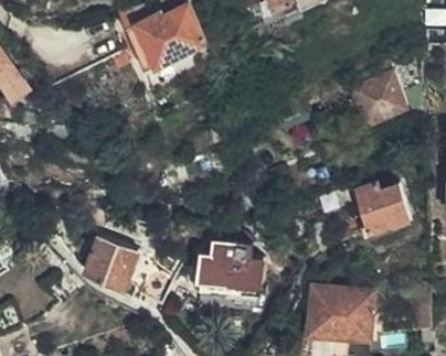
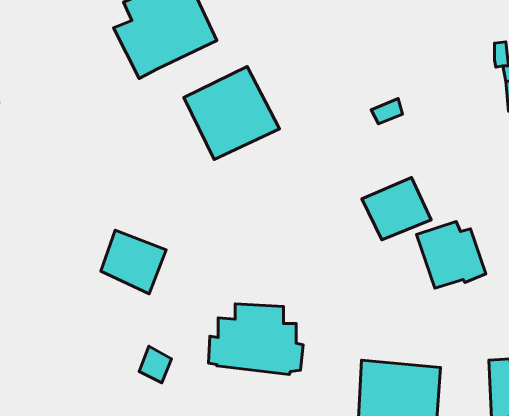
building: none -> [184,66,280,159]
building: [350,76,404,125] -> [362,177,431,240]
building: [85,240,136,290] -> [101,230,166,294]

